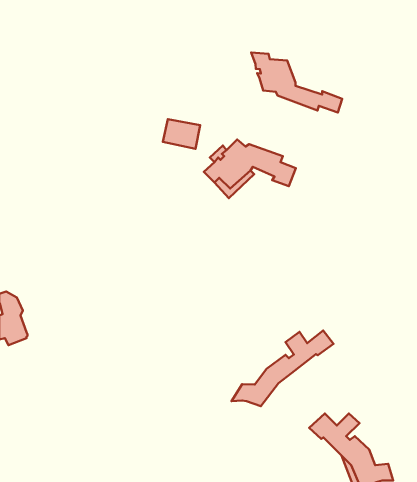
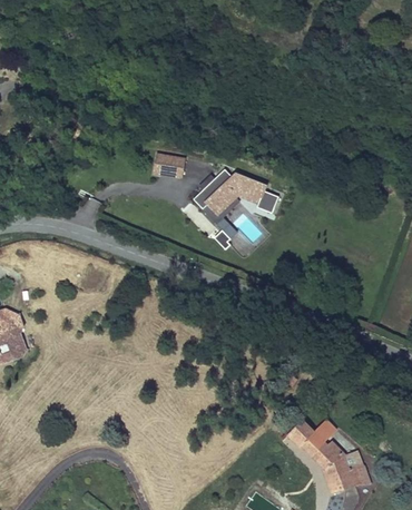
building: [251,52,342,113] -> none
building: [231,331,334,406] -> none

